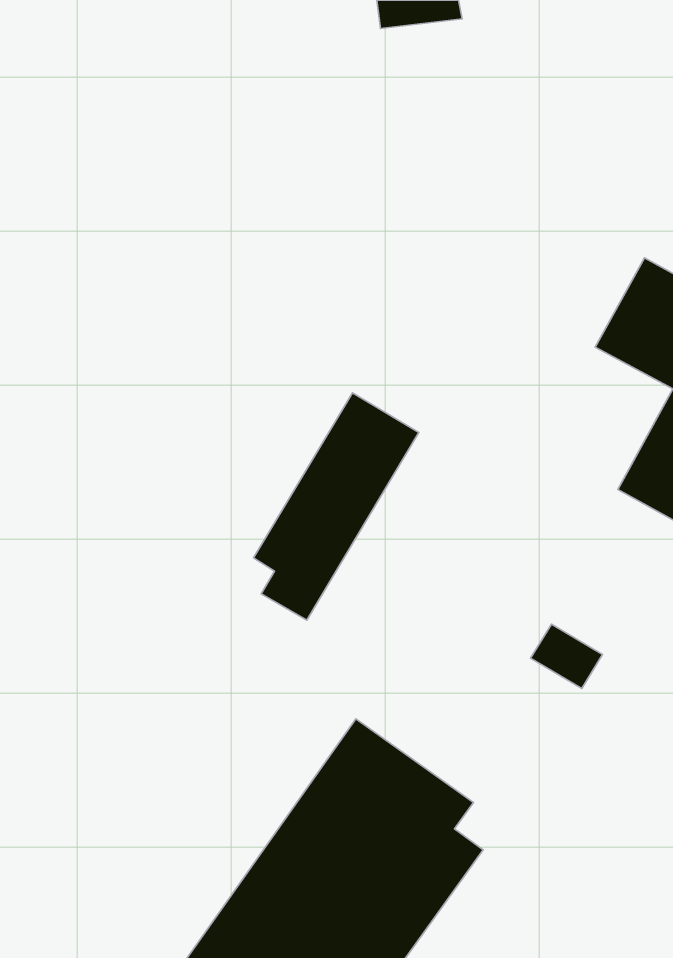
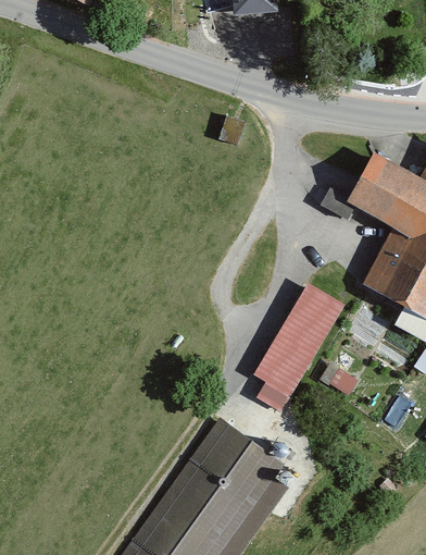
building: [254,393,419,620] -> [251,282,346,412]

